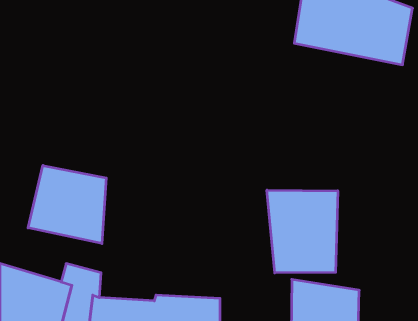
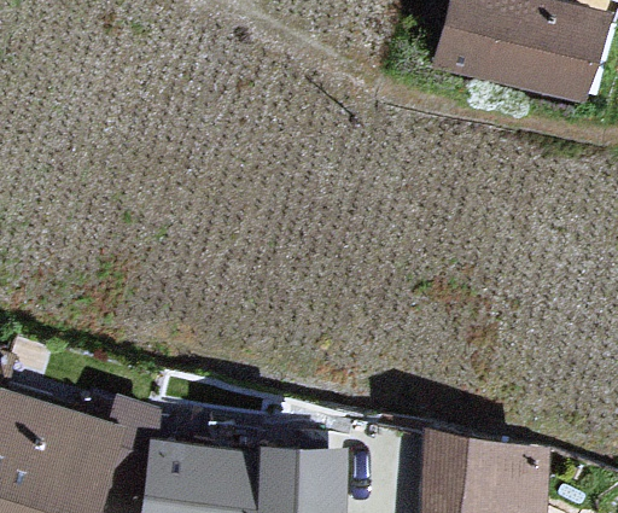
building: [28,165,106,244] -> none
building: [267,190,338,273] -> none

